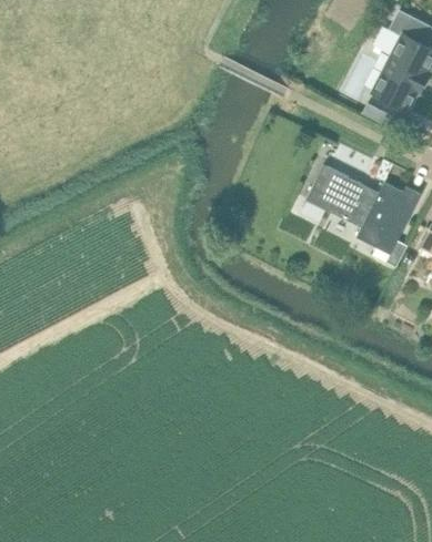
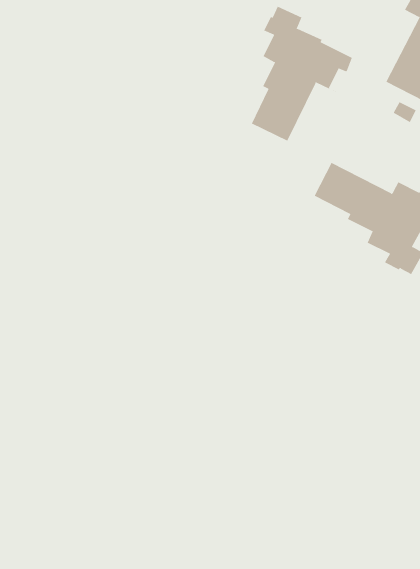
building: none -> [251,6,353,141]

